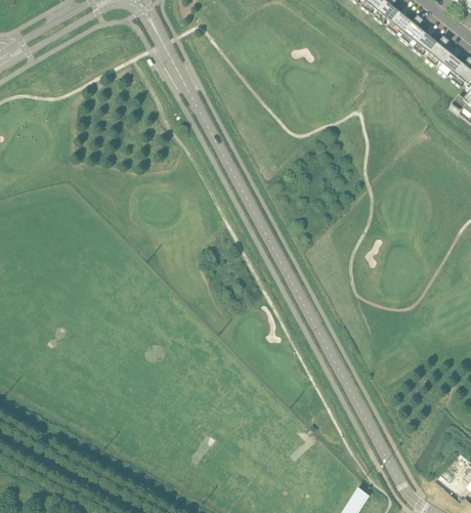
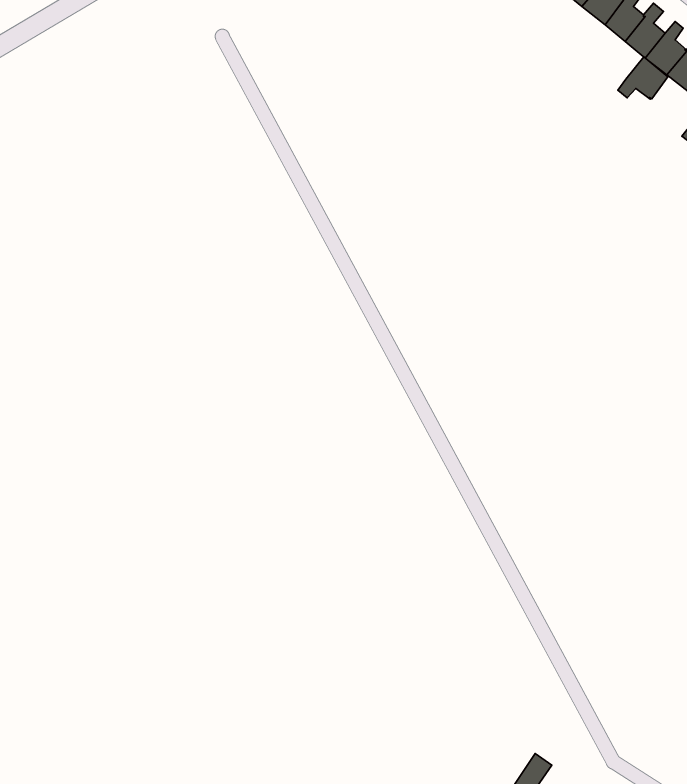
building: none -> [618,57,668,99]

